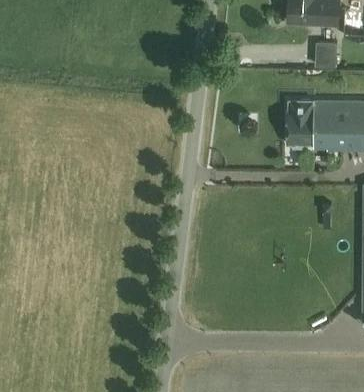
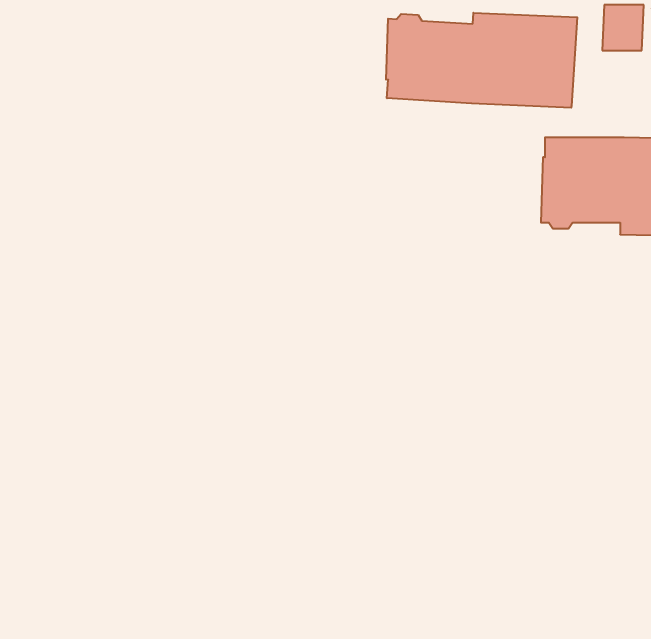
building: none -> [386,13,577,108]

